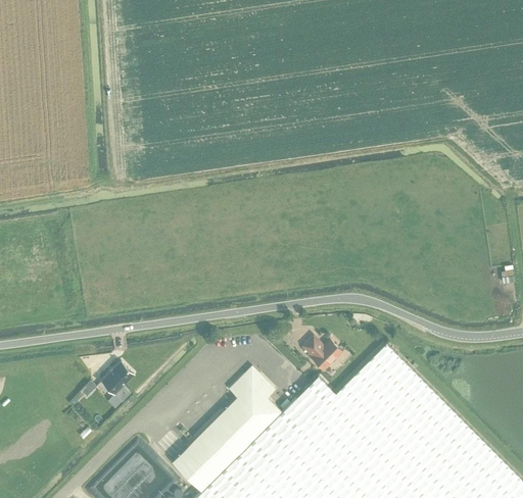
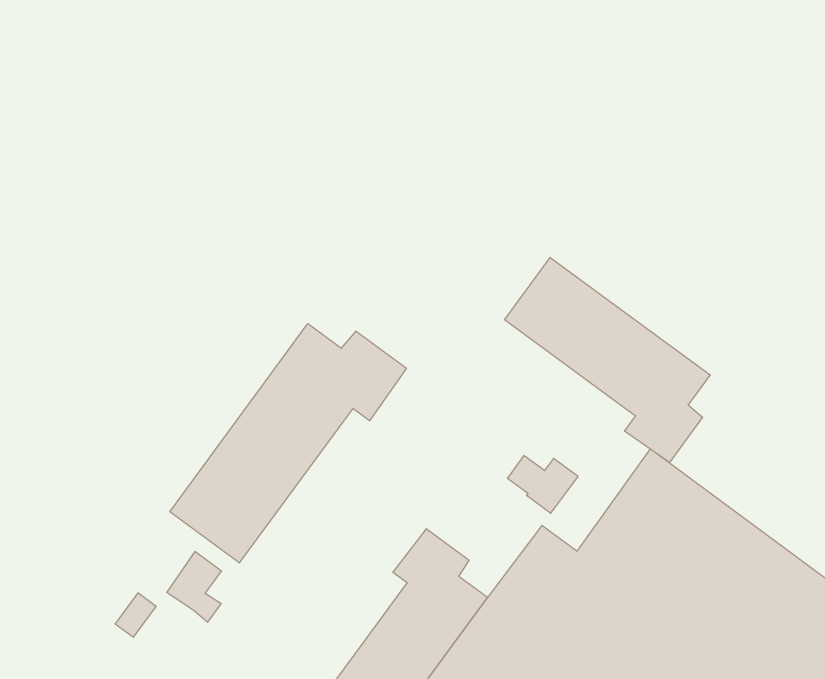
building: none -> [504,257,710,462]
building: none -> [170,324,406,563]

